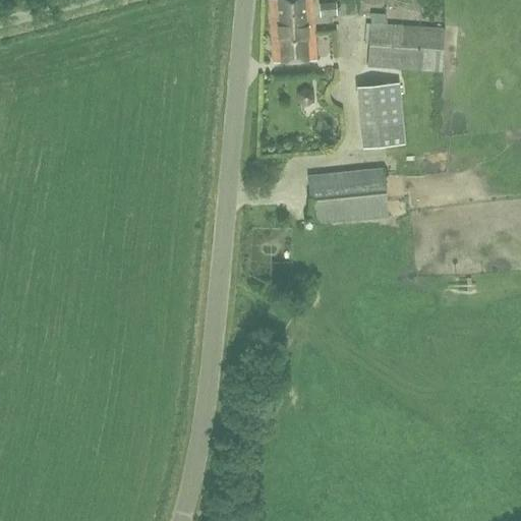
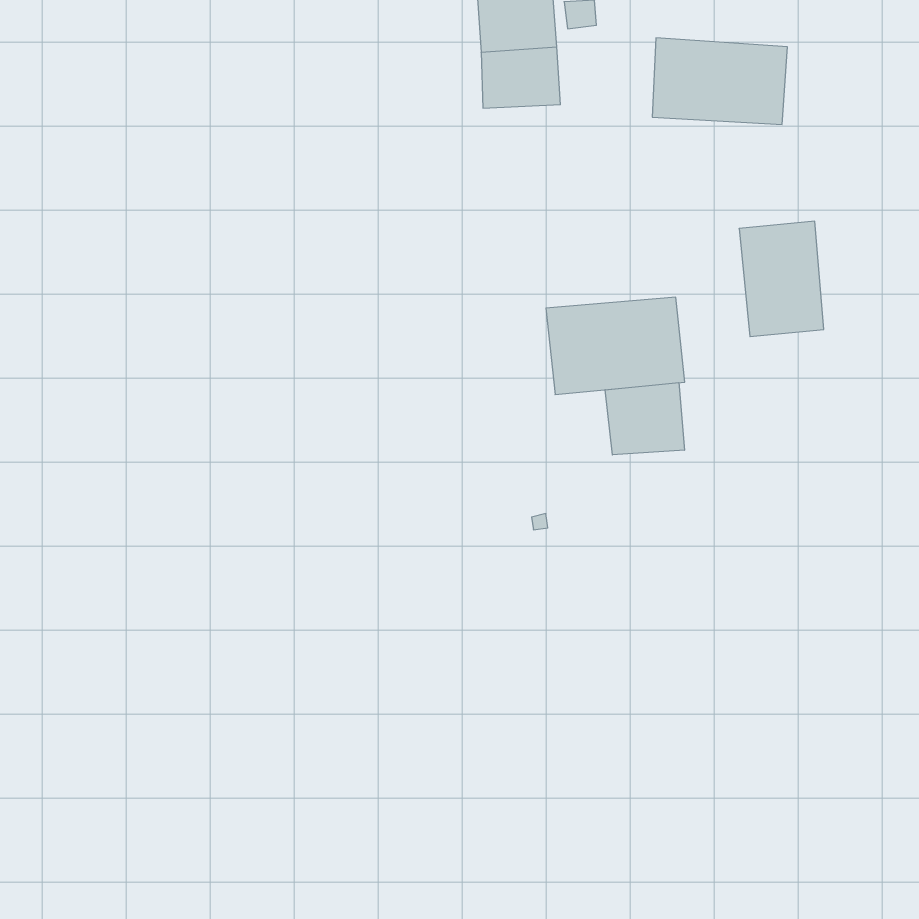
building: [356,81,404,147] -> [739,221,824,337]
building: none -> [605,383,684,455]

